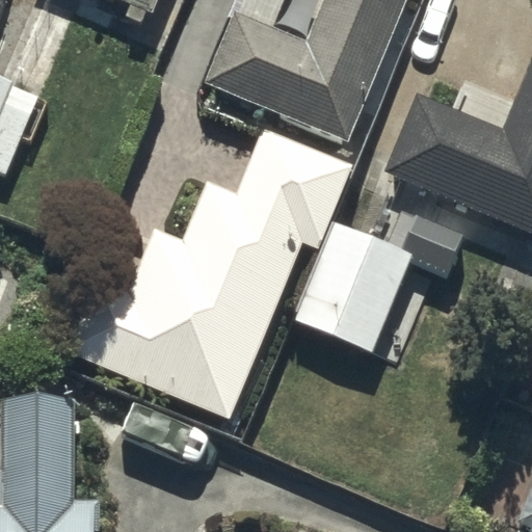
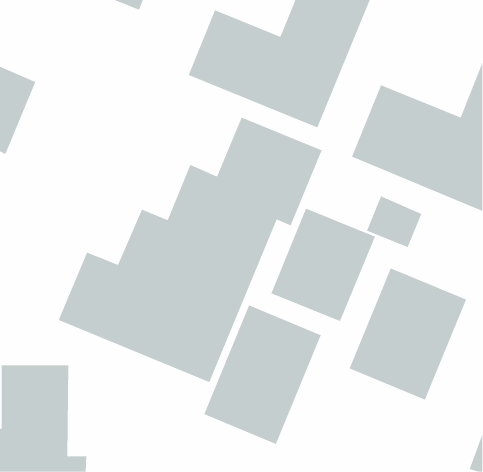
building: none -> [349,267,467,401]
building: none -> [204,305,321,445]

